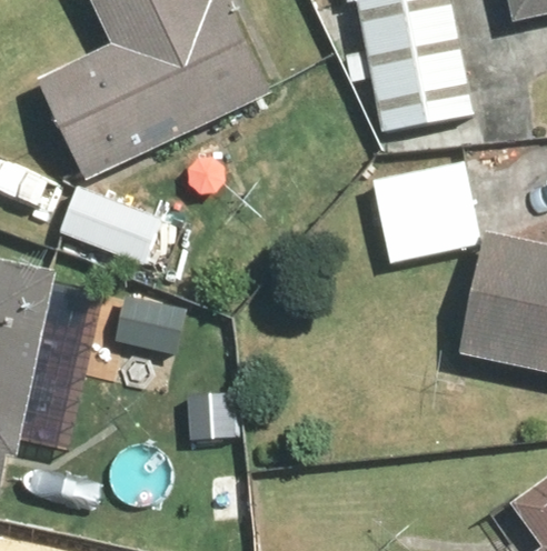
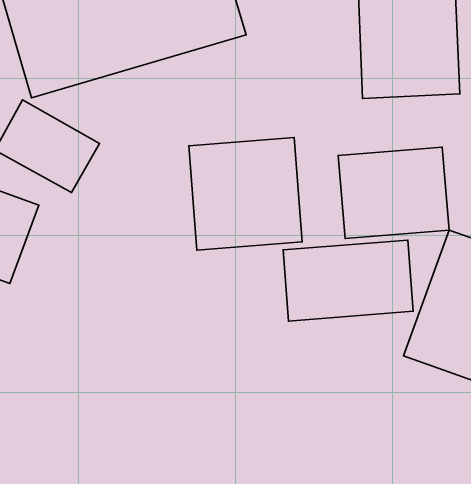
building: none -> [189,137,302,250]
building: none -> [283,240,413,321]

